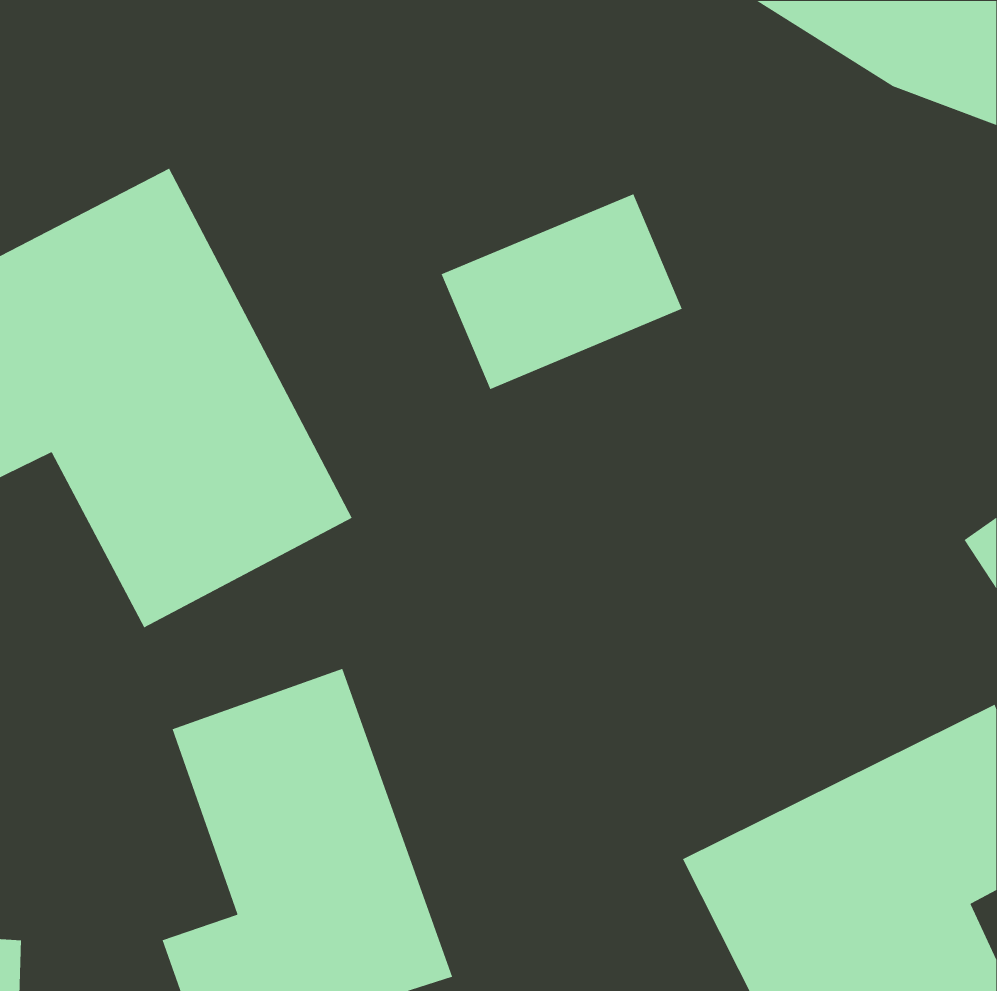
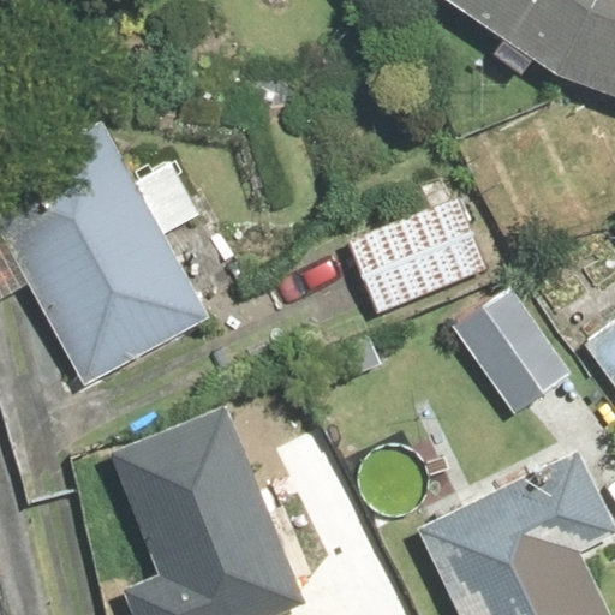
building: [441,193,683,390] -> [347,190,495,310]
building: none -> [450,281,574,416]

